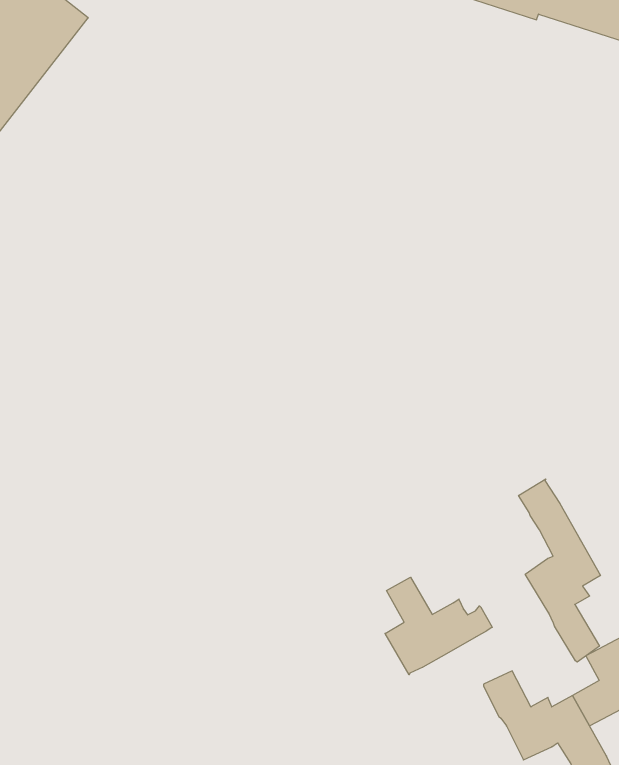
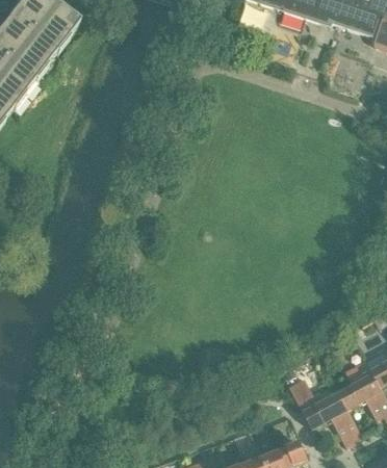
building: [519,479,600,662] -> none
building: [385,577,492,675] -> none

